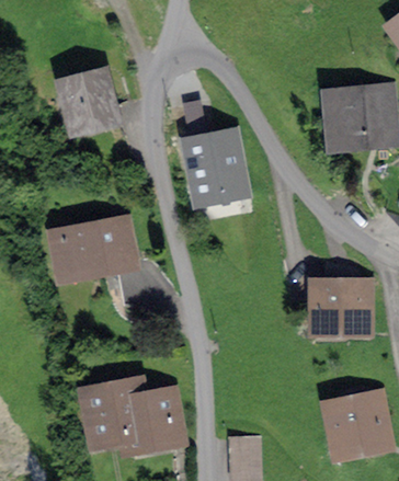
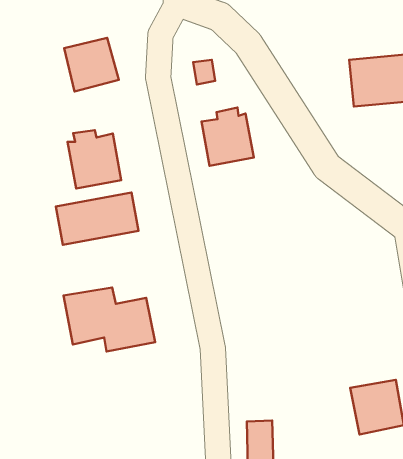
building: none -> [68,130,121,189]
building: [307,279,373,339] -> none
building: [88,385,174,445] -> [63,287,155,351]

